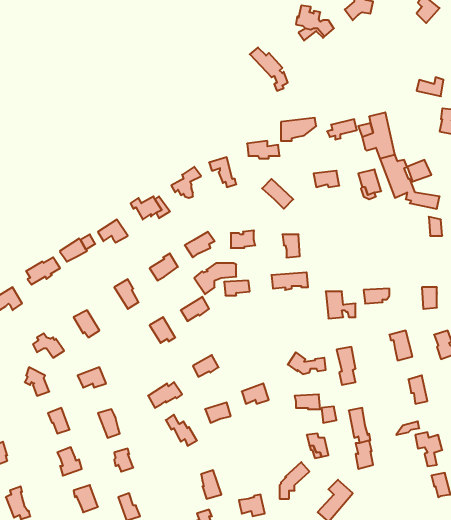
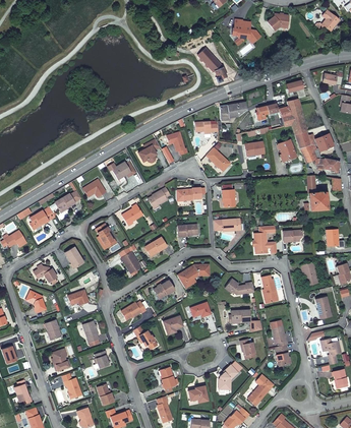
building: none -> [306,175,327,210]
building: [194,263,236,294] -> [177,264,209,288]

